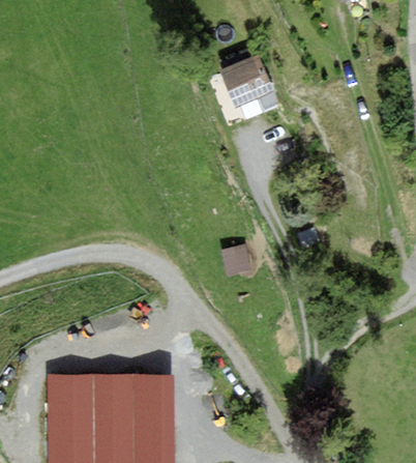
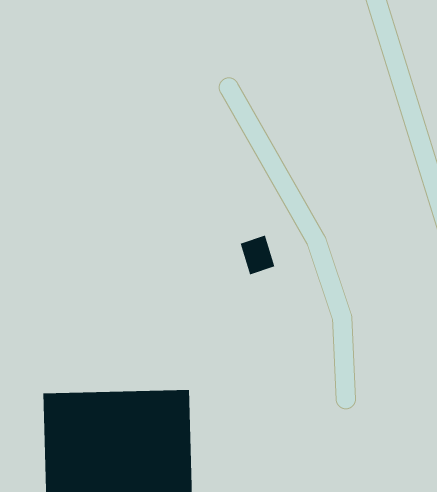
building: [216,63,263,109] -> none

